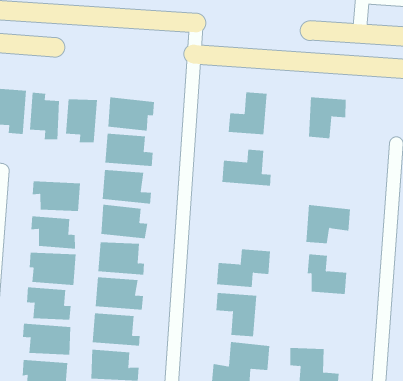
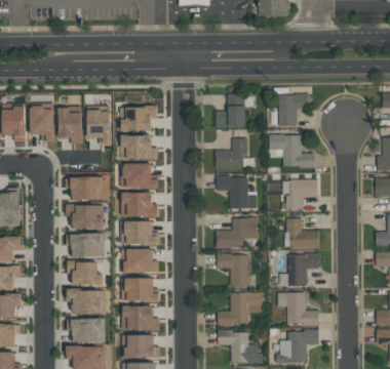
building: none -> [269,135,315,167]
building: none -> [217,176,257,209]
building: none -> [279,254,318,286]

